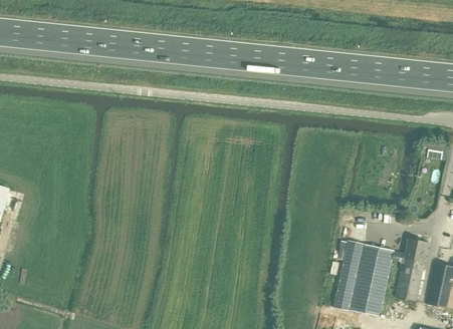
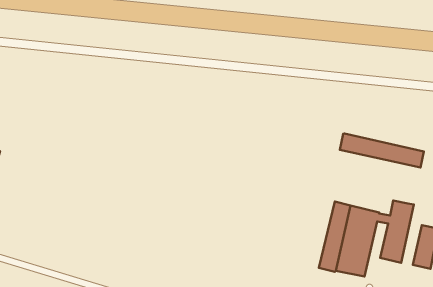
building: none -> [340,133,424,168]

